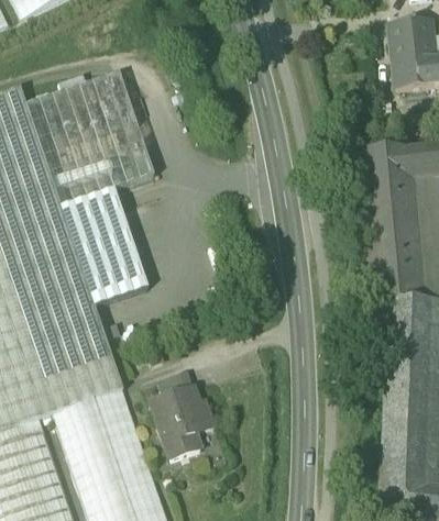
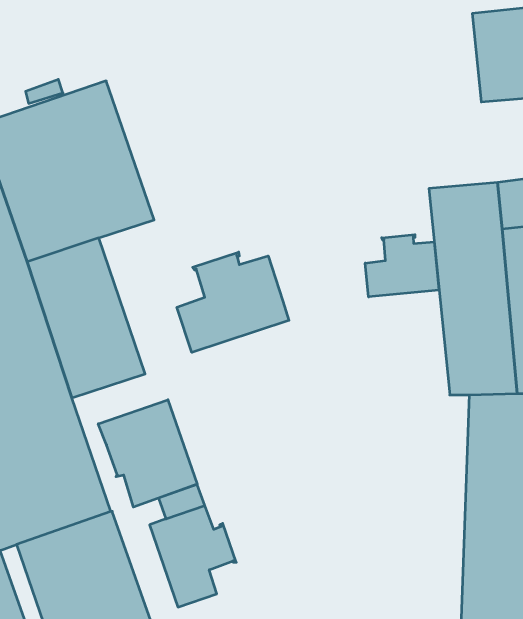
building: none -> [365,235,439,297]
building: none -> [177,252,289,352]
building: none -> [98,400,197,507]

